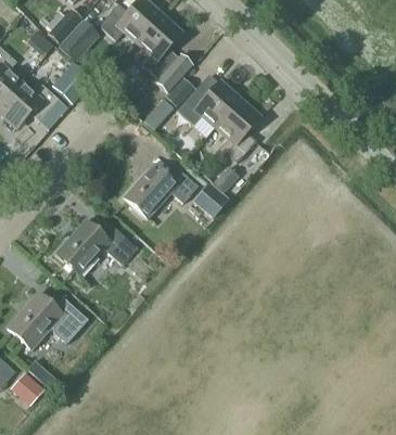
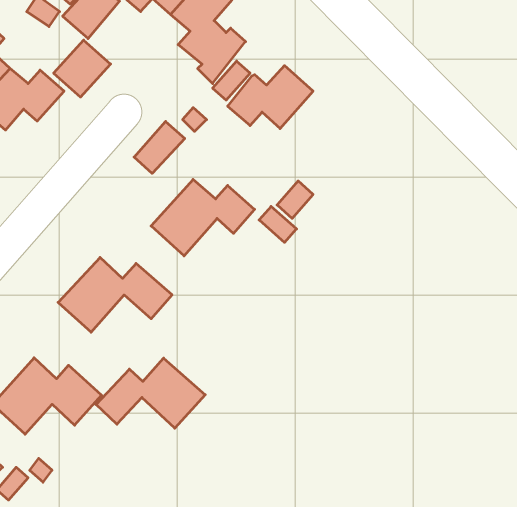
building: [216,99,259,161] -> none
building: none -> [134,121,185,173]
building: none -> [96,358,205,428]

